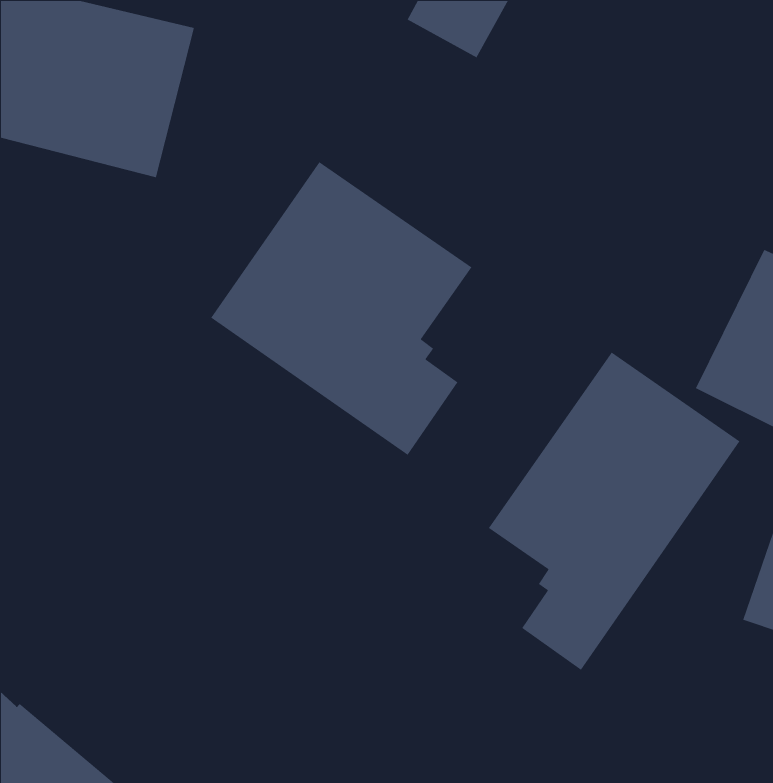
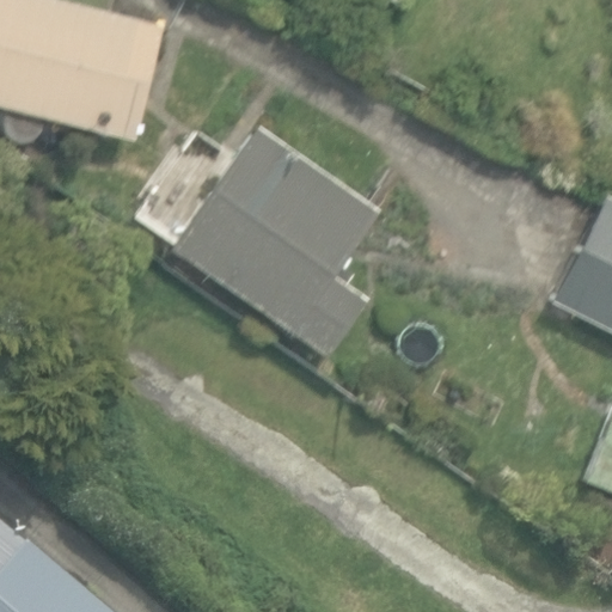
building: [488,351,740,671] -> none

